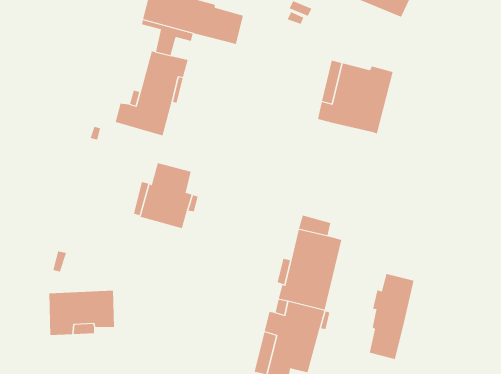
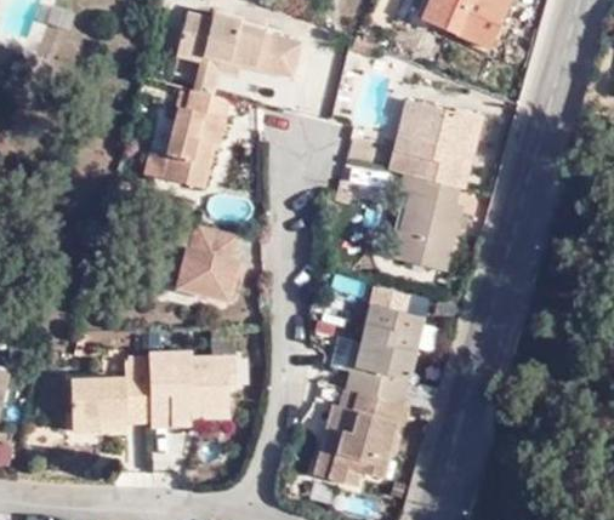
building: none -> [393,173,460,268]
building: none -> [144,350,233,427]
building: [369,273,414,360] -> none

